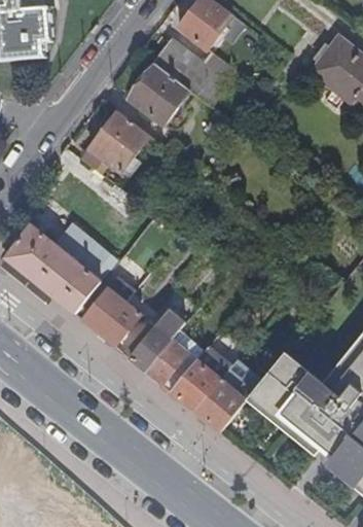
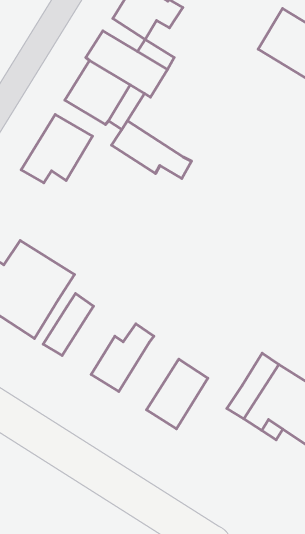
building: none -> [112,121,192,178]
building: [99,302,140,347] -> none
building: [147,330,205,392] -> none
building: [196,360,261,431] -> none

